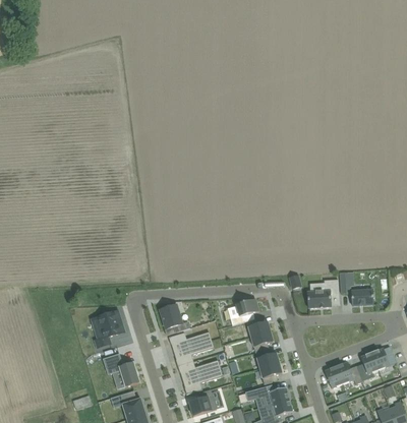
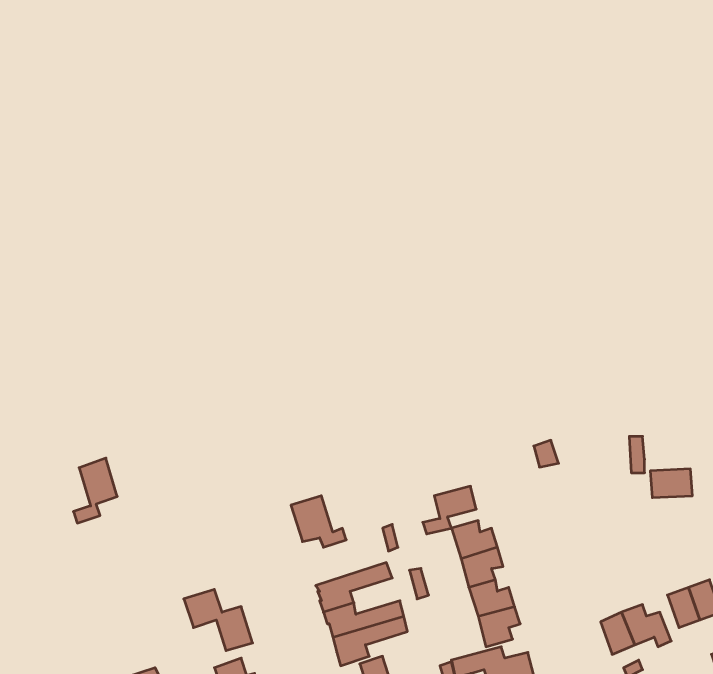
building: [307,280,339,308] -> none
building: [96,312,119,347] -> [73,458,117,523]
building: [168,331,211,352] -> none

